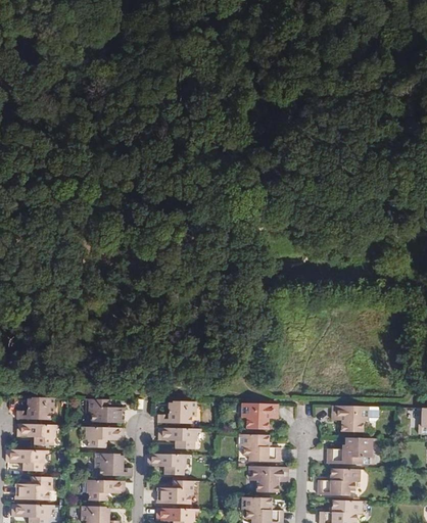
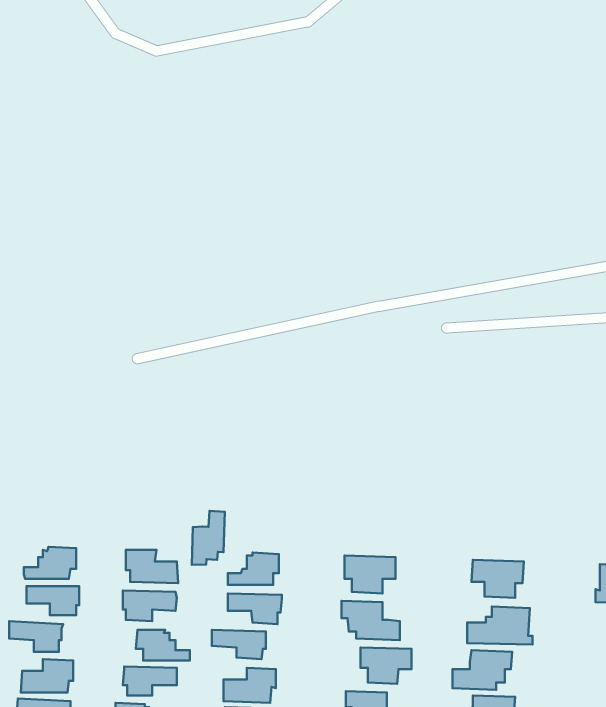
building: none -> [192,511,225,565]

